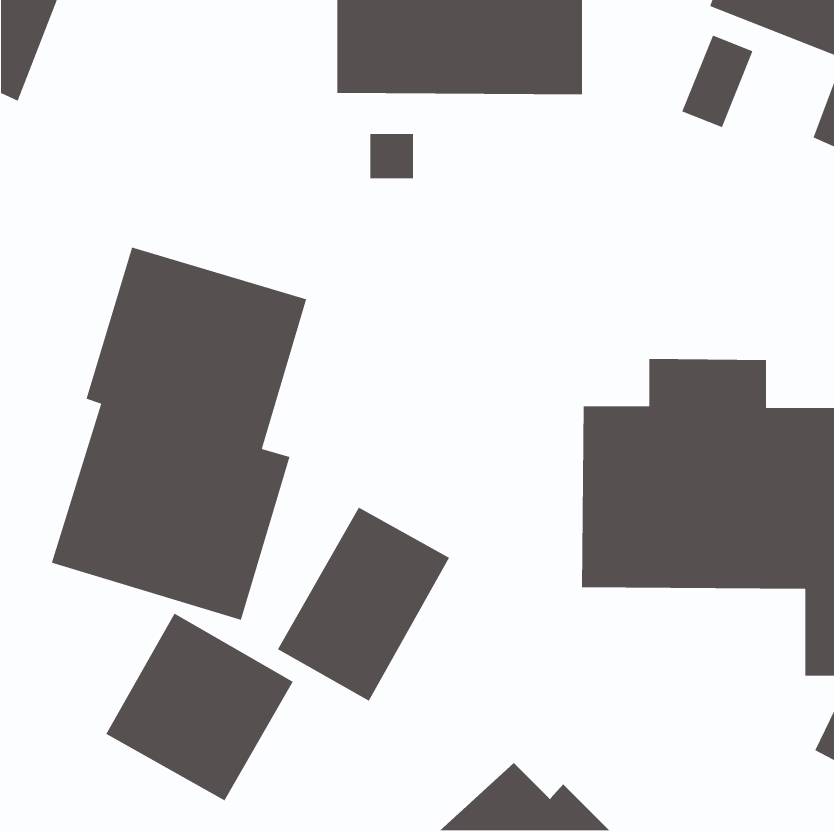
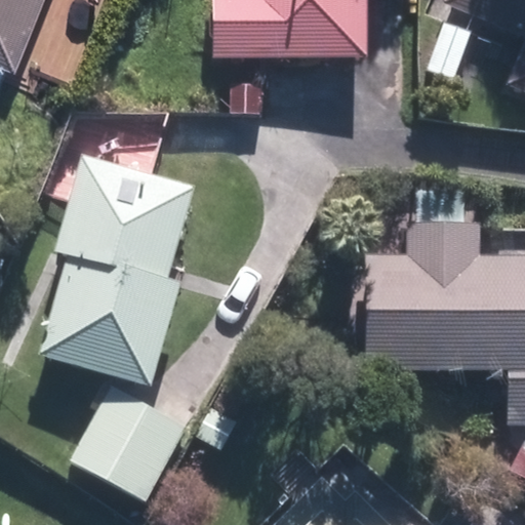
building: [277,506,450,702] -> none

